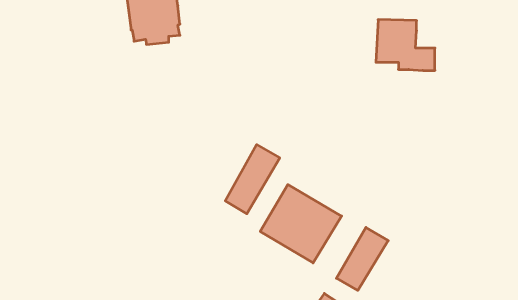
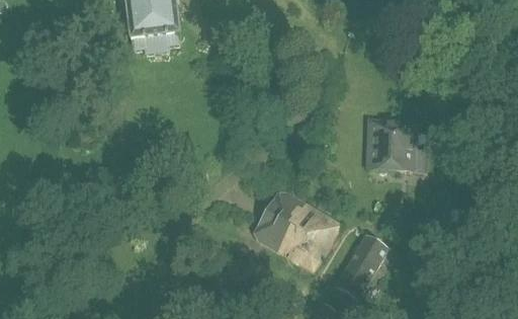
building: [376,20,435,70] -> [366,118,425,169]
building: [225,145,280,214] -> none

